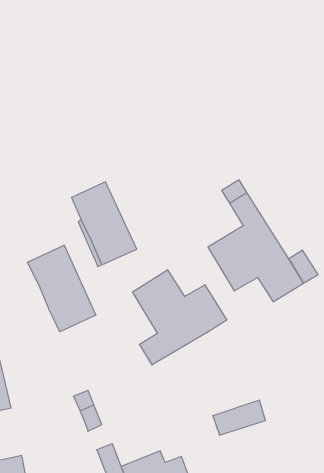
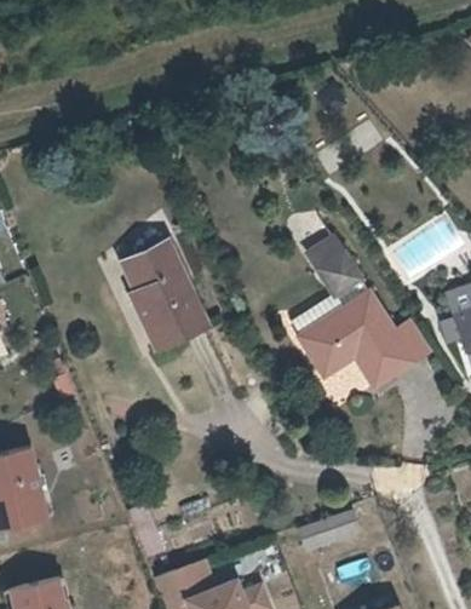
building: [27,245,96,332] -> none
building: [132,270,227,365] -> none

